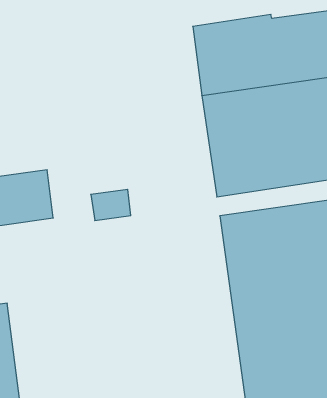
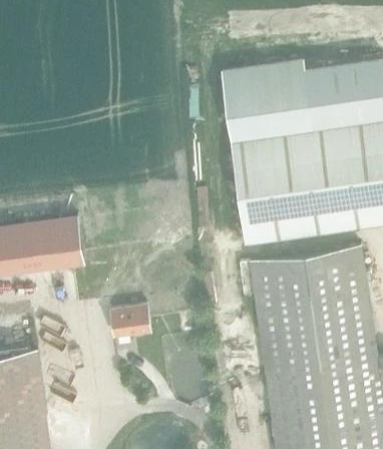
building: [91,189,131,221] -> [110,309,150,340]

